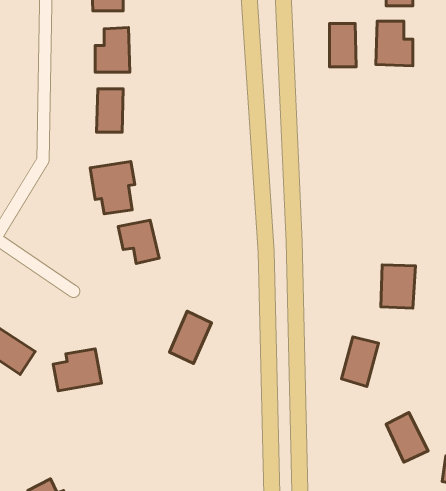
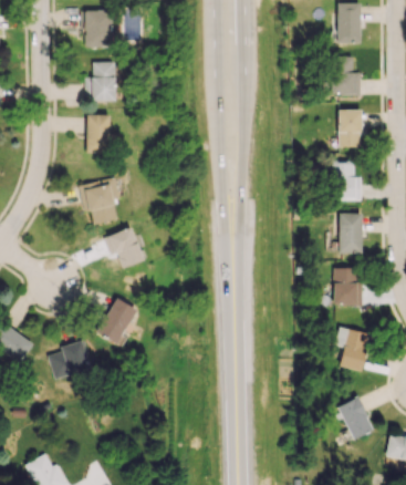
building: [330,23,356,67] -> [339,110,362,147]
building: none -> [332,163,362,200]
building: none -> [339,214,362,254]
building: [169,311,212,364] -> [98,298,135,343]
building: [341,337,378,386] -> [339,329,371,372]

